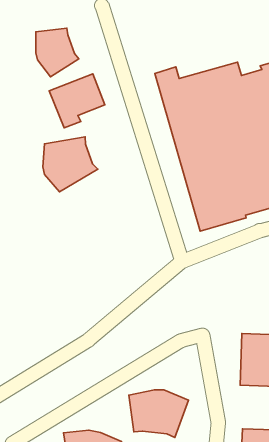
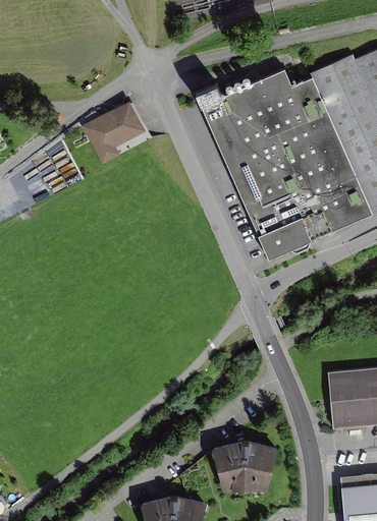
building: [36,28,79,77] -> none
building: [43,137,98,192] -> none

